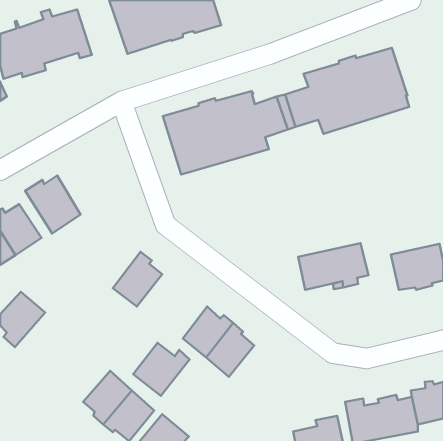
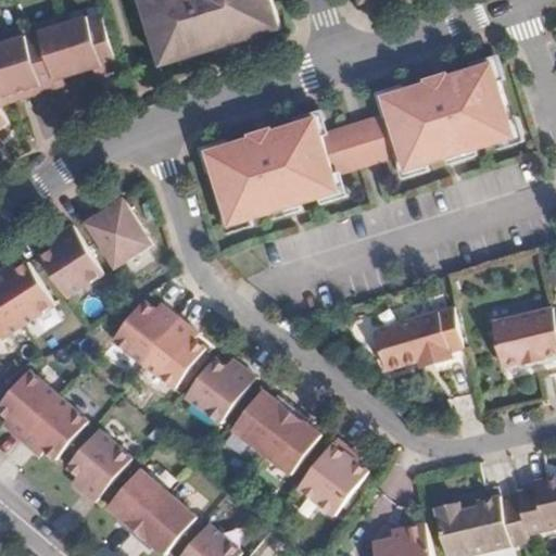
building: none -> [79,191,150,263]
building: none -> [110,299,176,364]
building: none -> [18,394,85,457]
building: none -> [71,428,129,493]
building: [133,343,189,396] -> [181,356,252,422]
building: none -> [293,438,364,515]

